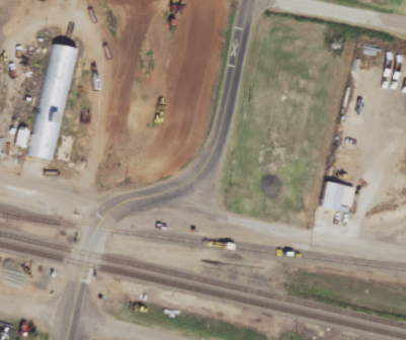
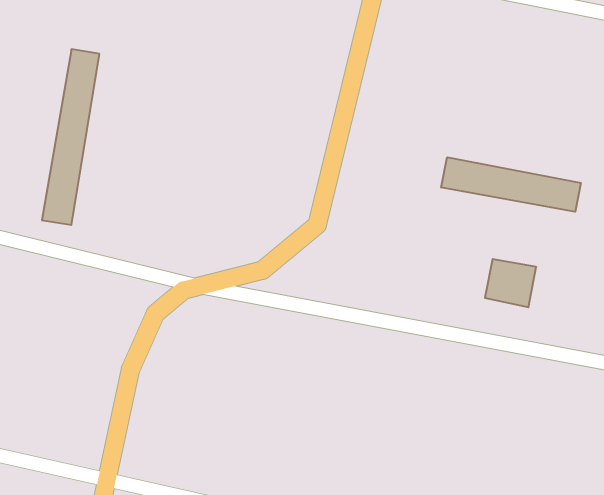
building: none -> [441,157,581,212]

